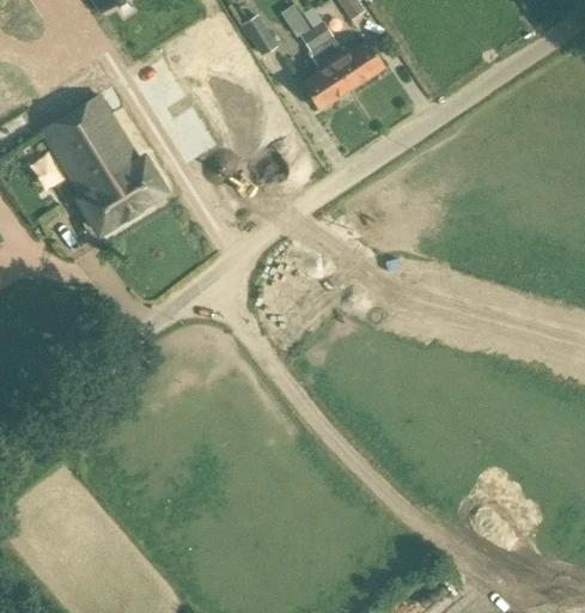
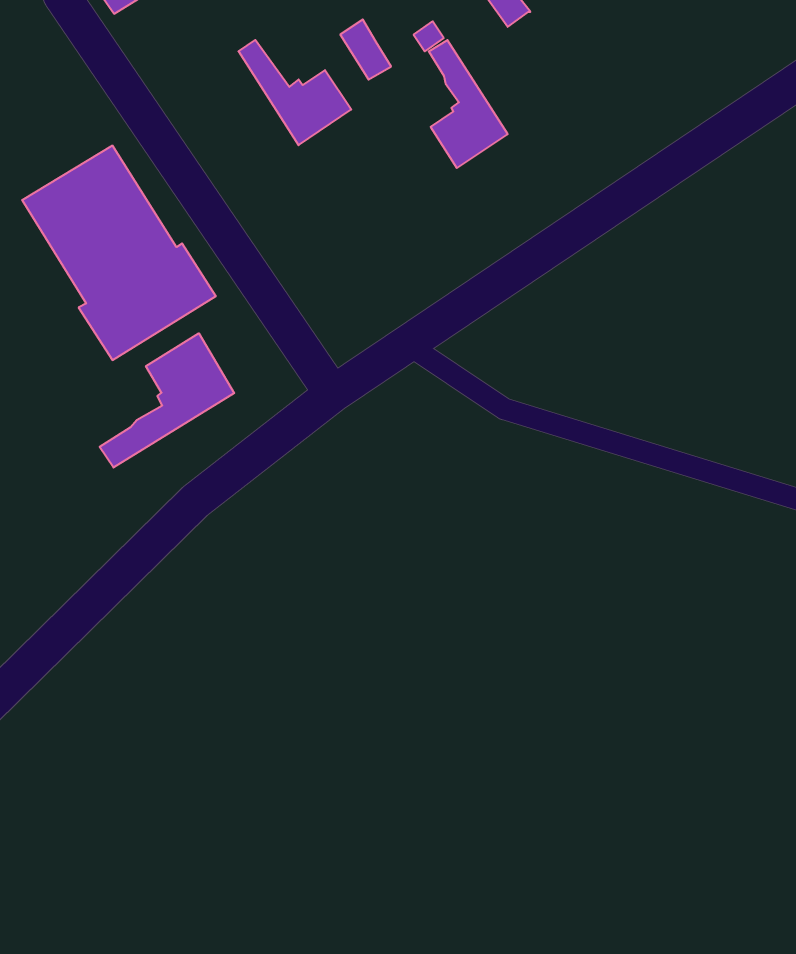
building: [312,23,384,90] -> [238,40,351,145]
building: none -> [100,333,234,468]

